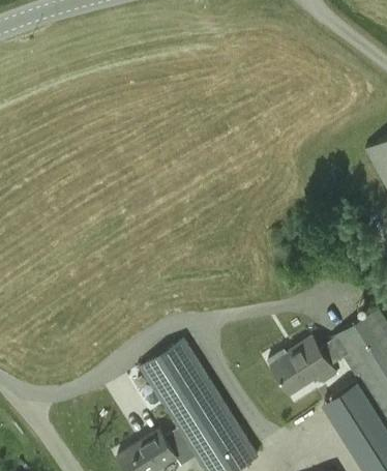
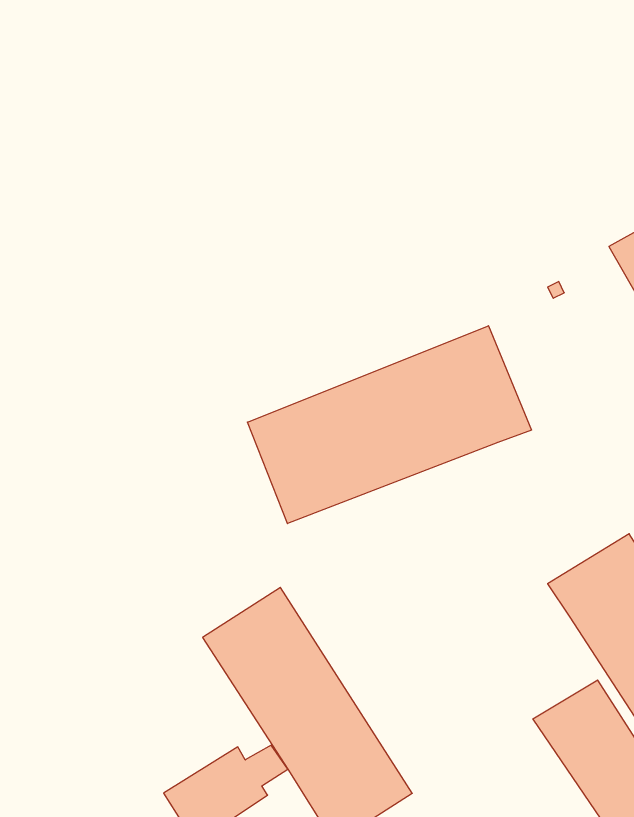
building: none -> [247,326,531,524]
building: [268,338,346,395] -> none

